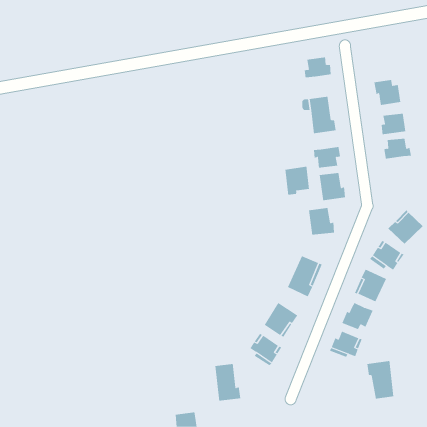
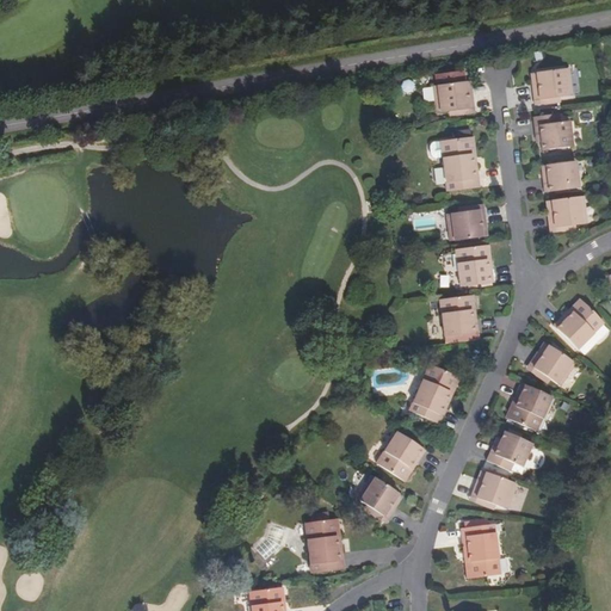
building: none -> [533,68,573,99]
building: [285,166,309,196] -> none
building: [367,361,394,399] -> [462,523,501,578]

